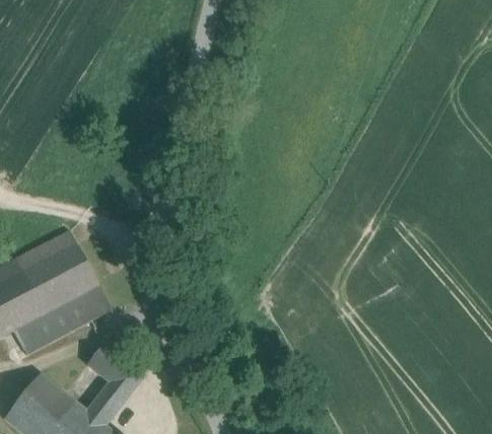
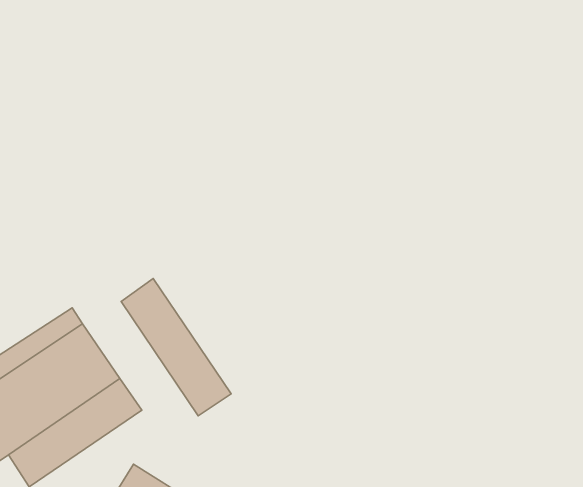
building: none -> [121,279,231,416]

